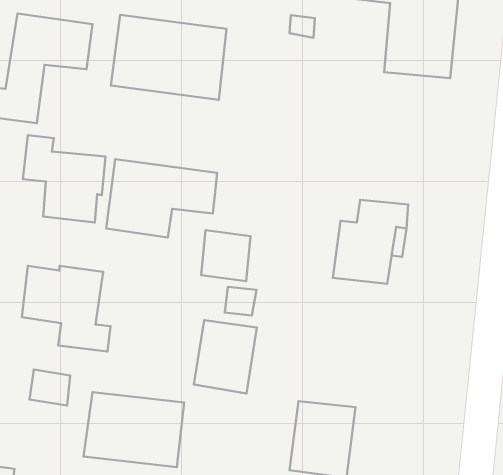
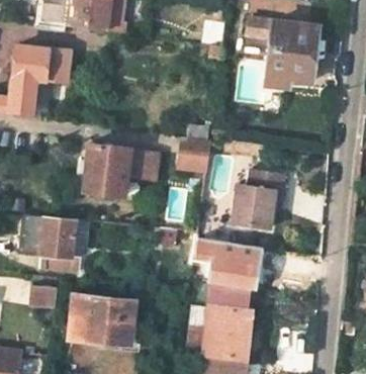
building: [111,15,227,100] -> none
building: [23,135,105,222] -> none
building: [201,230,251,281] -> [176,138,209,173]
building: [194,320,257,394] -> [211,240,254,289]

